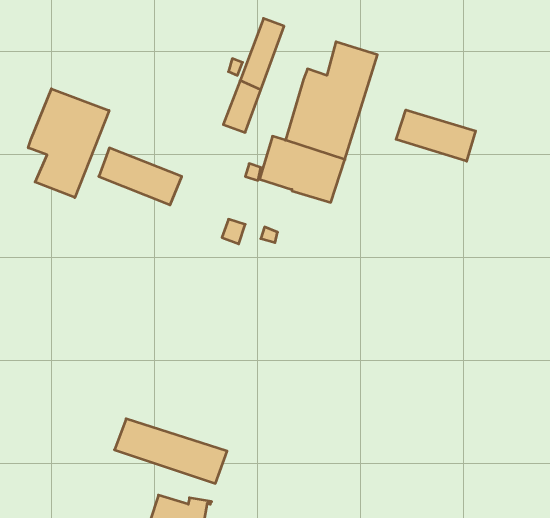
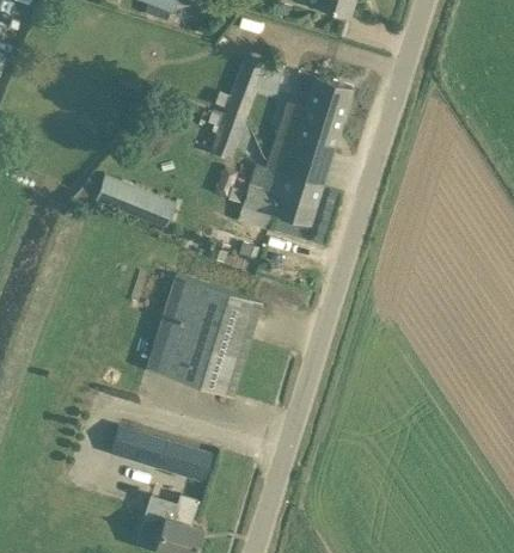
building: [28,89,109,198] -> none
building: [396,110,476,161] -> none
building: none -> [147,275,262,395]

